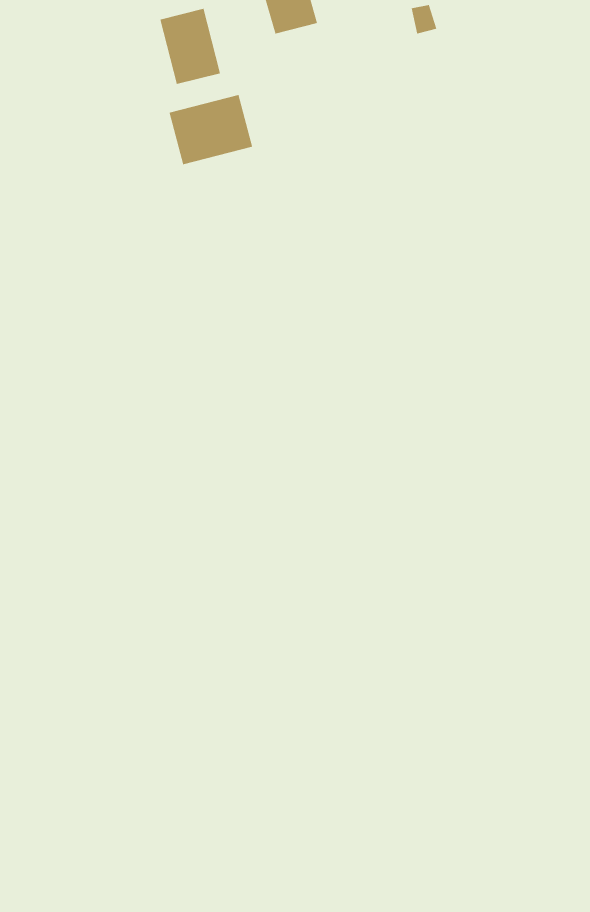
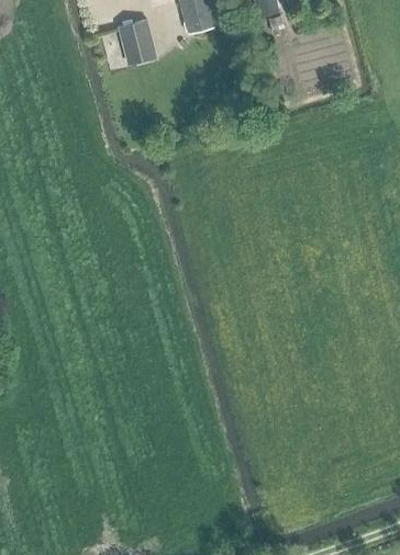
building: [169,94,253,165] -> none

